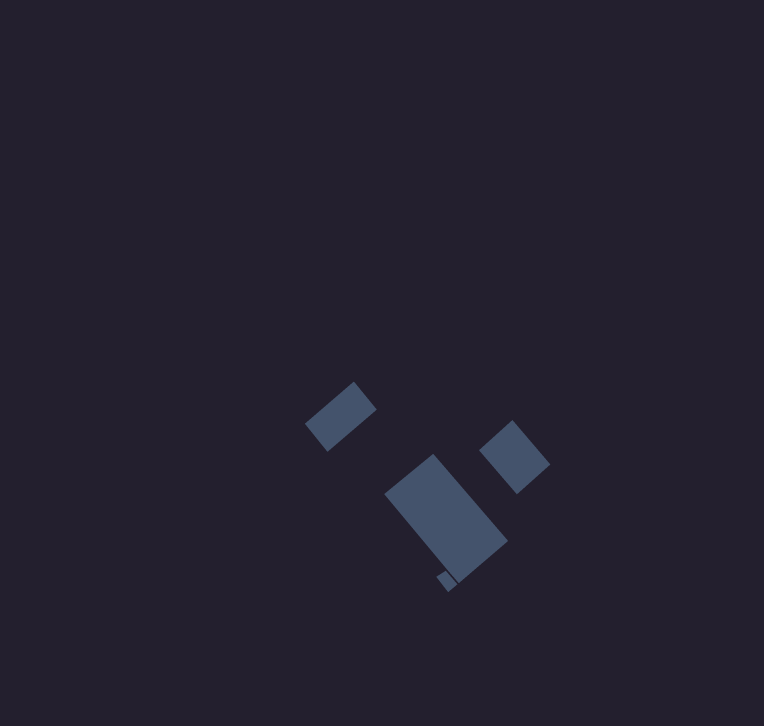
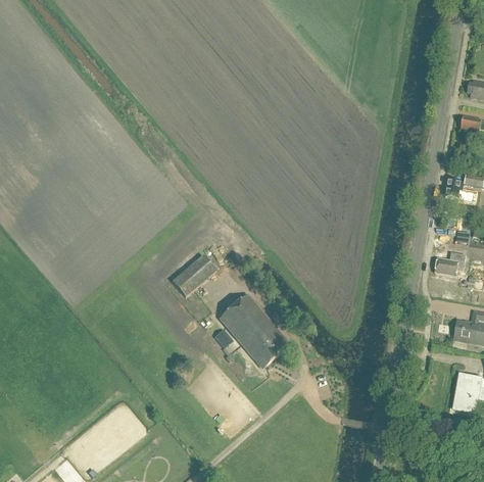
building: [478,419,551,495] -> none

